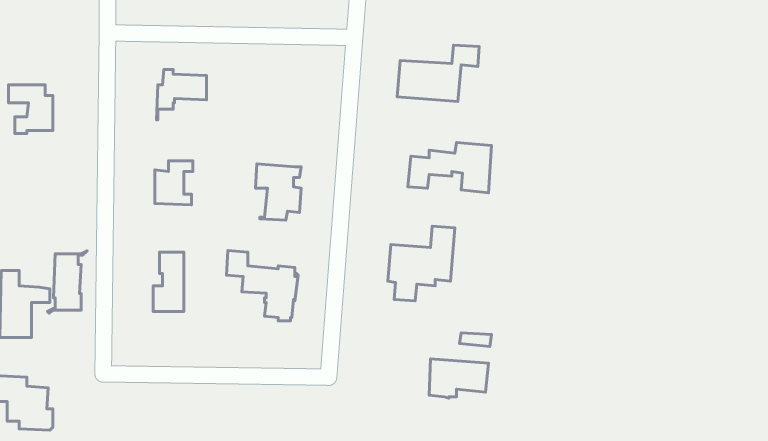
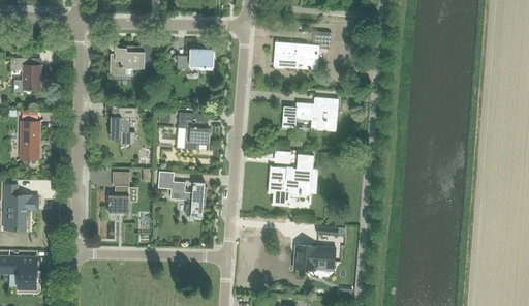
building: none -> [177,49,214,78]
building: [48,251,87,313] -> [17,119,43,161]

